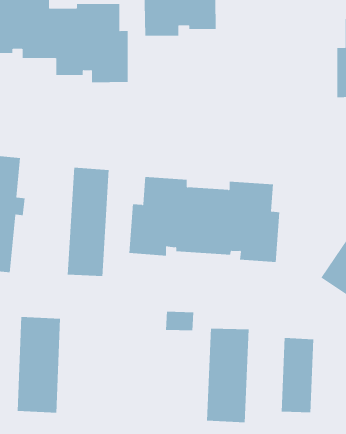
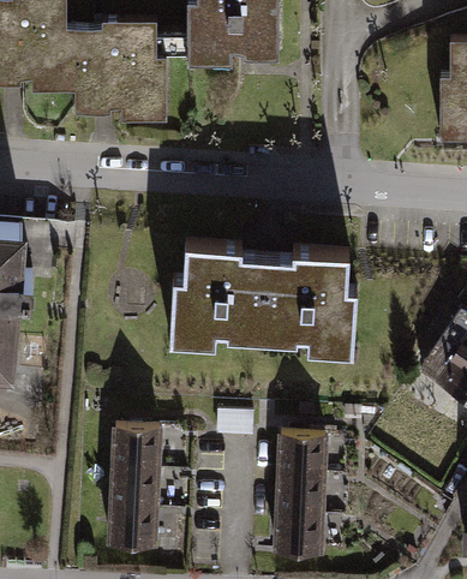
building: [67,167,109,277] -> none
building: [17,317,61,413] -> [107,430,163,554]
building: [281,337,314,413] -> none

